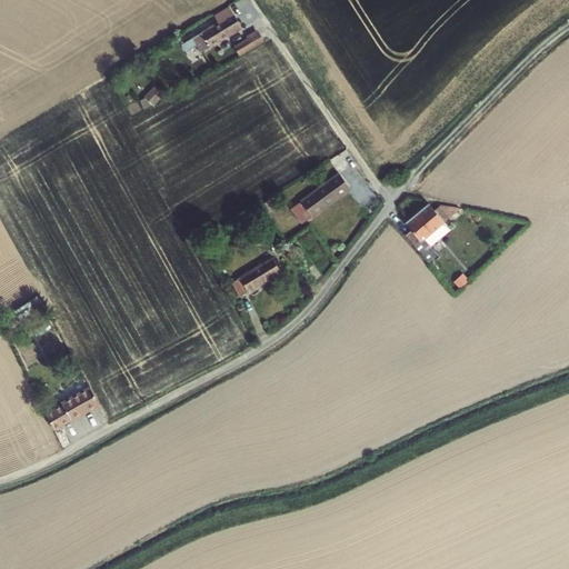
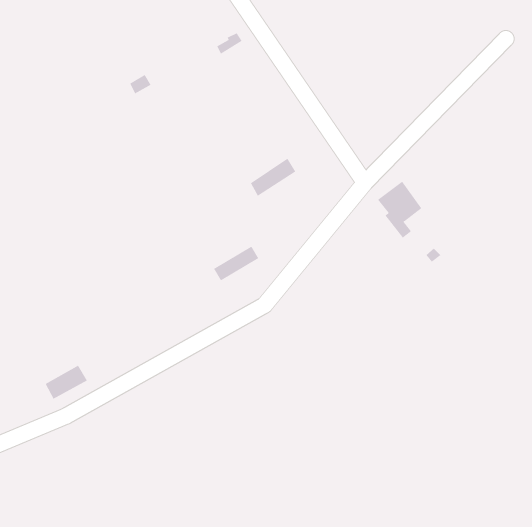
building: [197,12,236,50] -> none
building: [300,177,349,218] -> [250,158,296,197]

